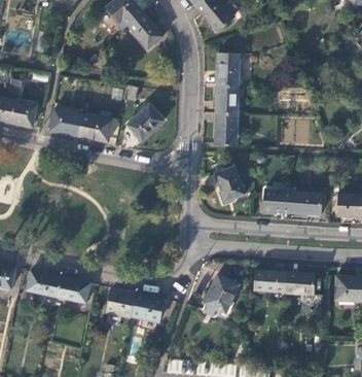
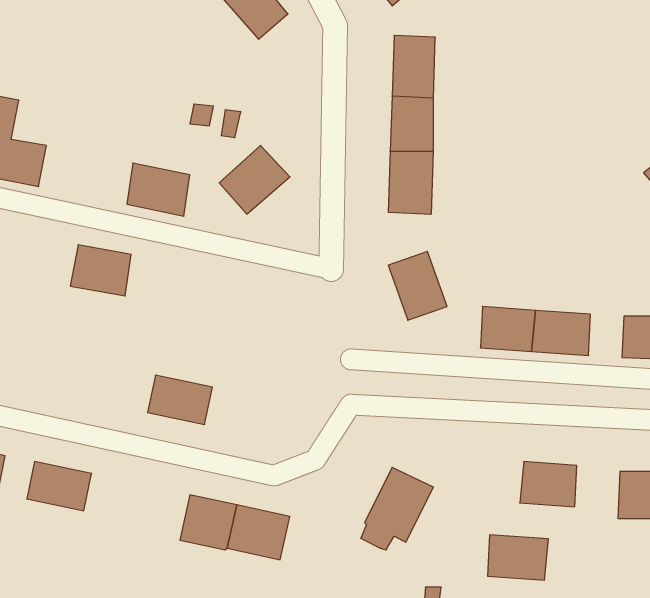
building: [49,110,81,137] -> [70,245,131,296]
building: [254,270,286,294] -> [488,535,548,580]
building: [56,278,89,304] -> [148,375,212,424]

